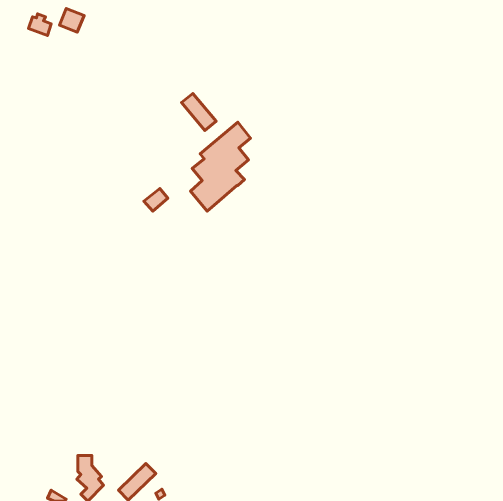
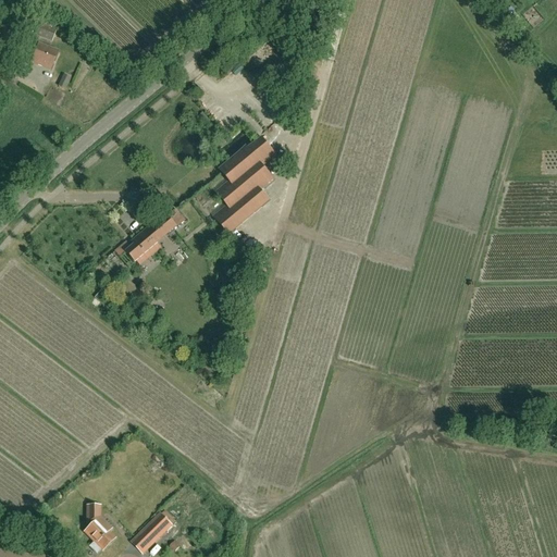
building: [59,9,84,32] -> [32,41,59,67]
building: [182,93,216,130] -> none
building: none -> [116,230,160,260]

